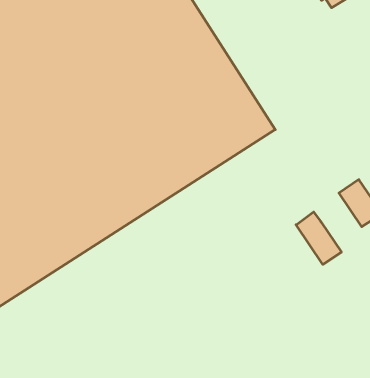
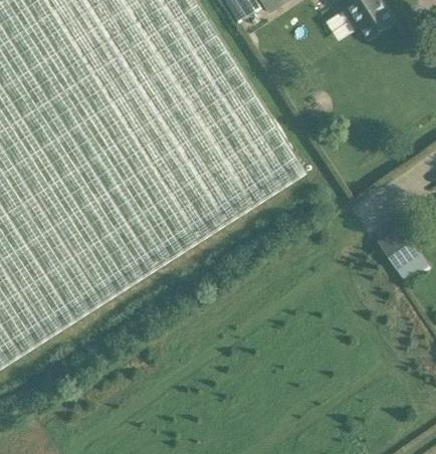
building: [296,212,341,264] -> none

